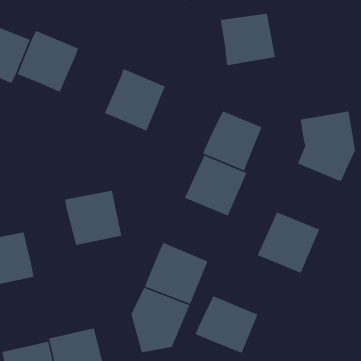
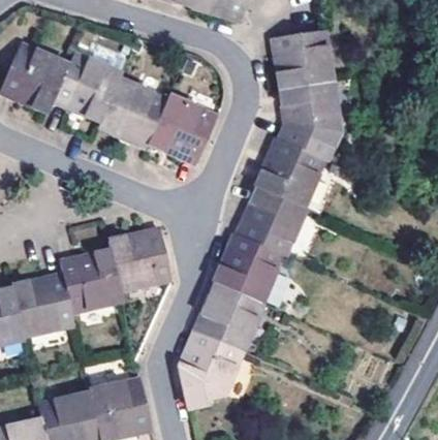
building: none -> [98,82,167,149]
building: [297,111,356,182] -> [279,84,343,161]
building: none -> [59,248,120,308]
building: [257,211,320,274] -> [212,235,281,304]
building: [195,295,258,354] -> none

